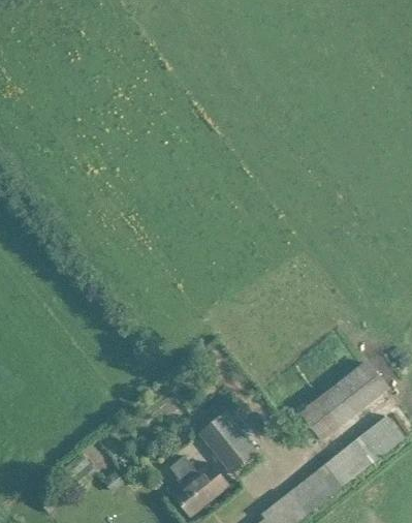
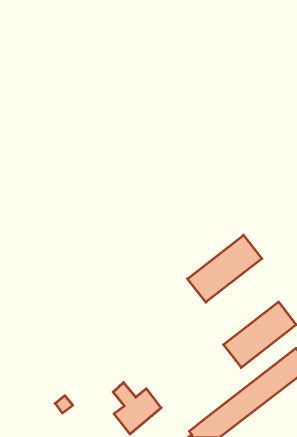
building: none -> [187,235,262,302]
building: [199,412,256,473] -> none

